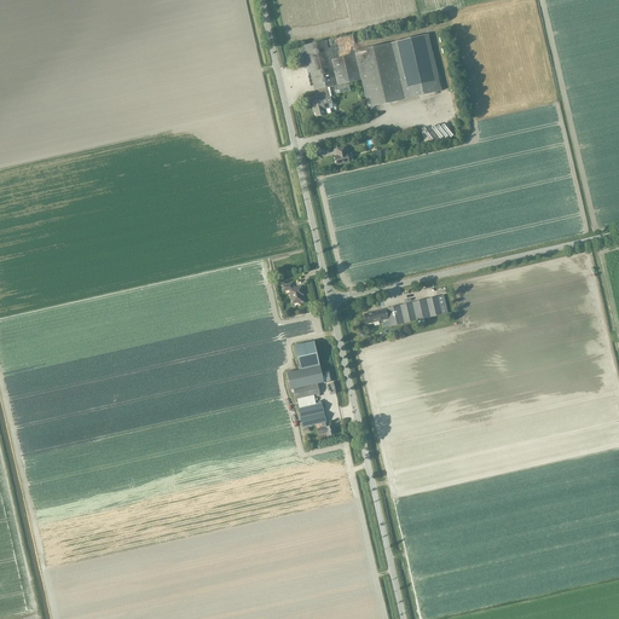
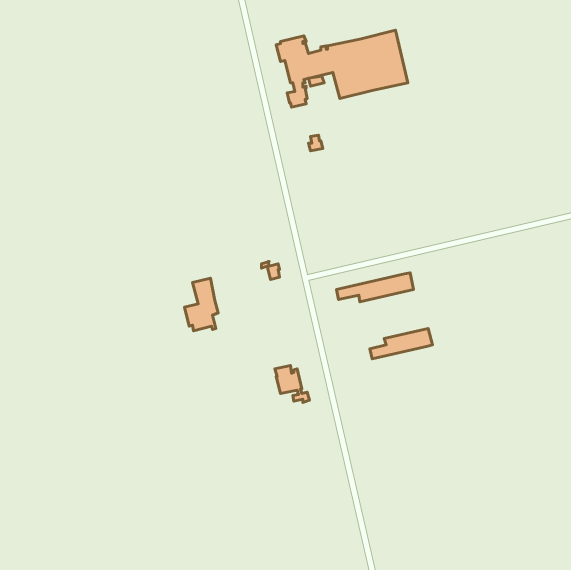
building: [287,341,323,398] -> [185,278,218,331]
building: none -> [370,328,432,359]

